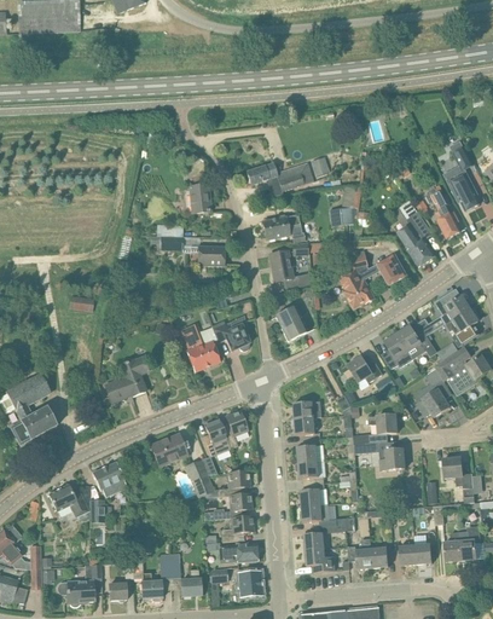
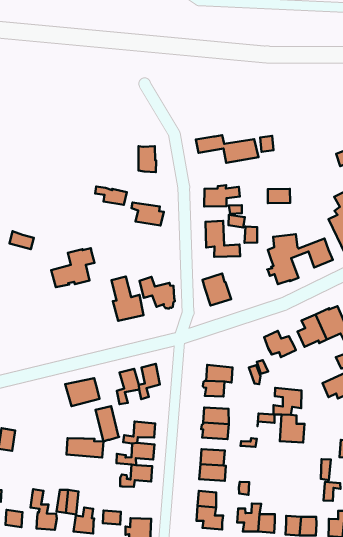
building: [105,355,149,401] -> [51,248,95,287]
building: [92,461,127,496] -> none
building: [219,542,257,562] -> [66,438,103,458]

